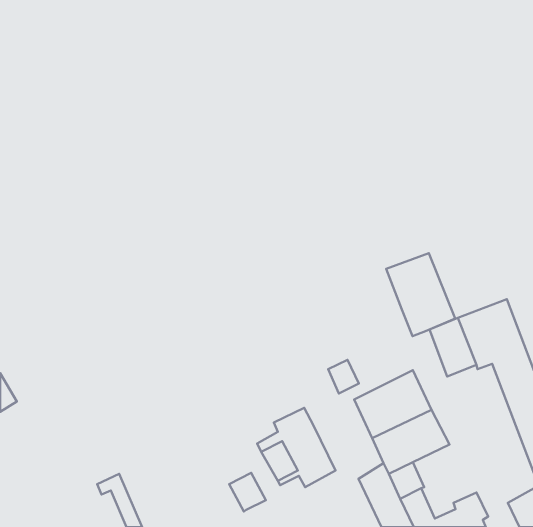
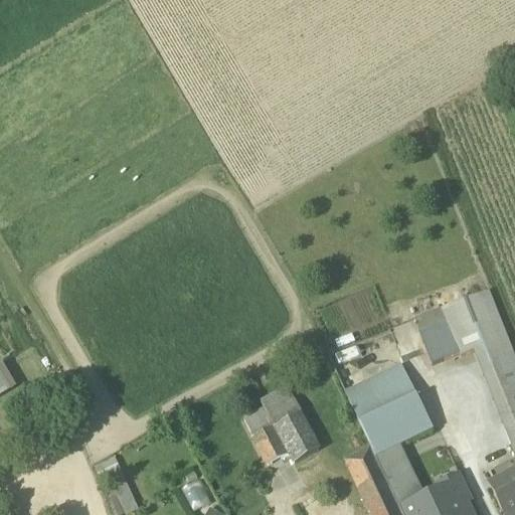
building: [386,253,455,336] -> none
building: [328,360,359,394] -> none
building: [229,473,266,511] -> none

